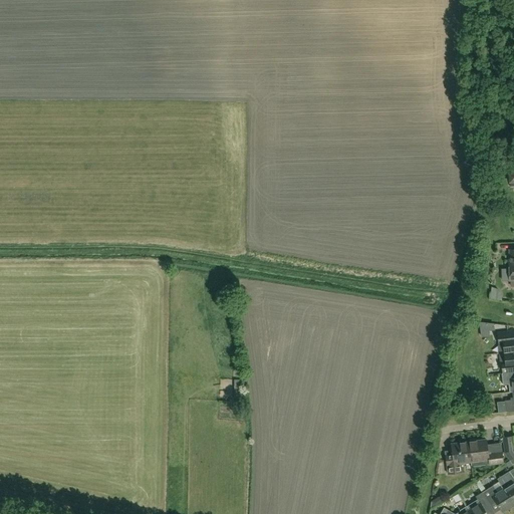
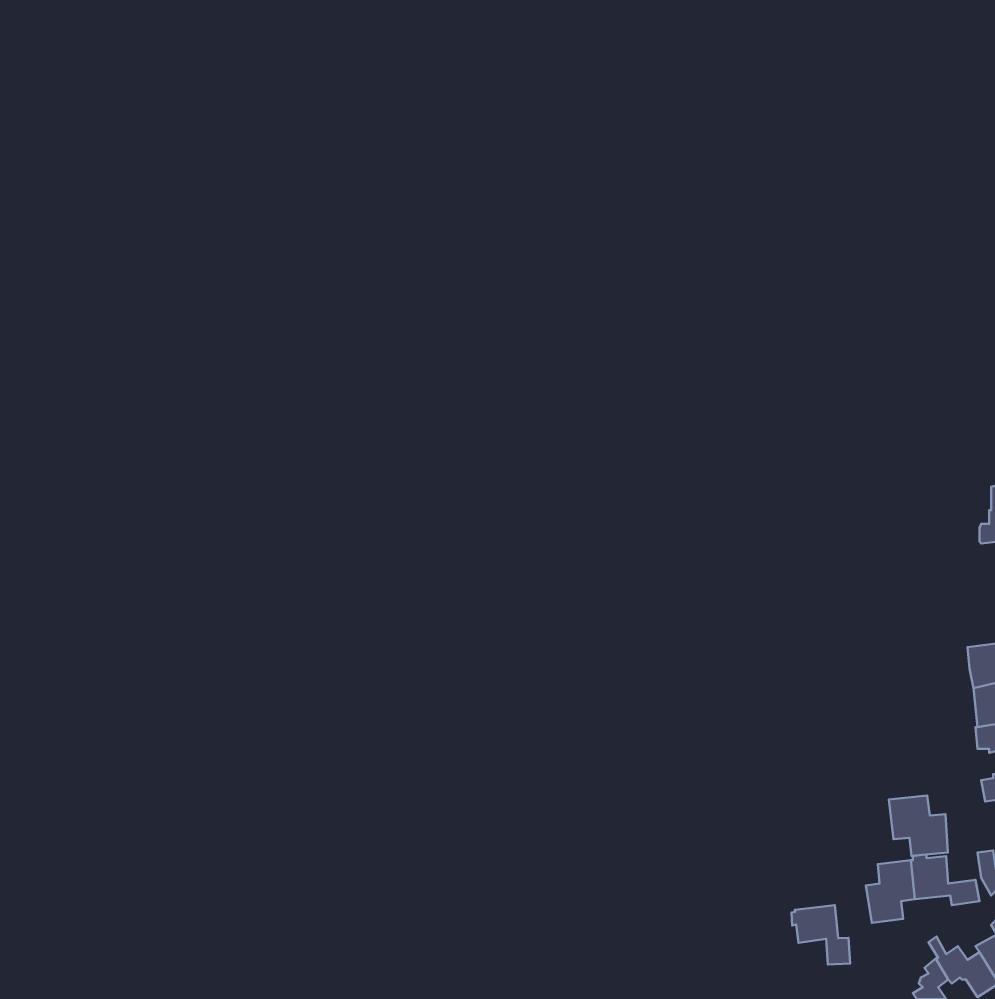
building: none -> [889,796,948,856]
building: none -> [791,905,850,965]

